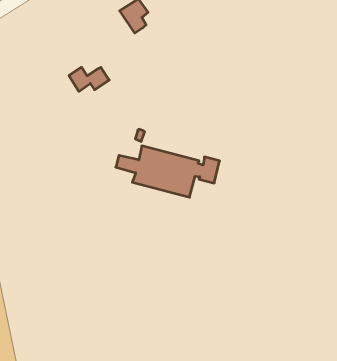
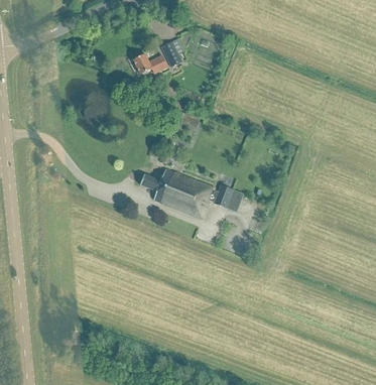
building: [69,67,109,91] -> [133,52,168,74]

